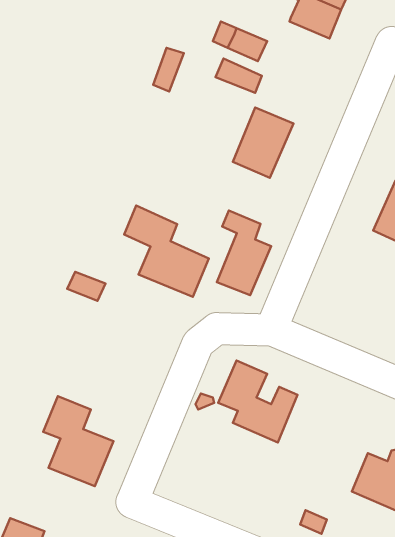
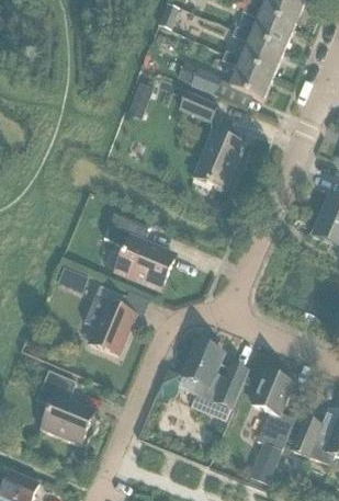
building: none -> [222,48,274,100]
building: [217,211,271,295] -> [90,283,135,353]
building: none -> [253,369,295,464]

